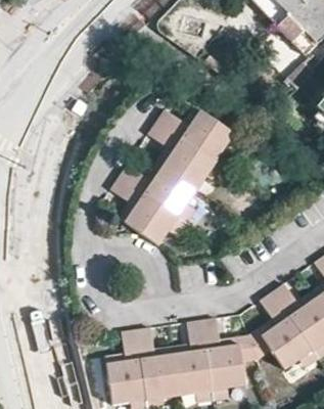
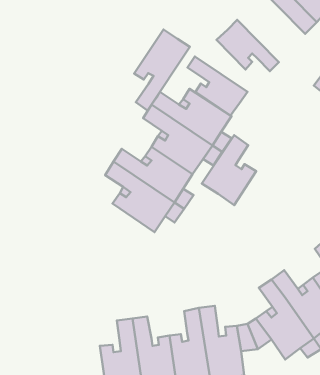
building: none -> [216,20,279,71]
building: none -> [134,29,190,111]
building: none -> [187,57,248,116]
building: none -> [202,135,256,205]

